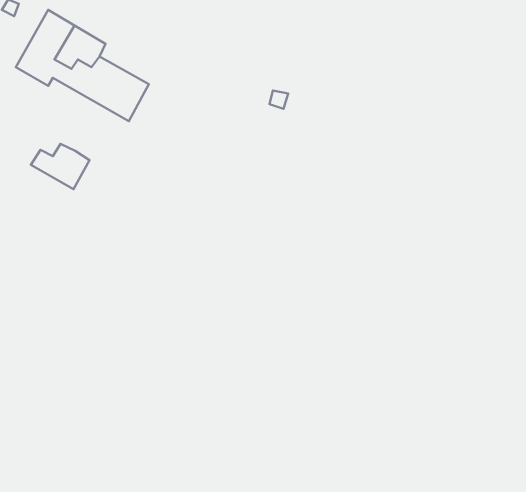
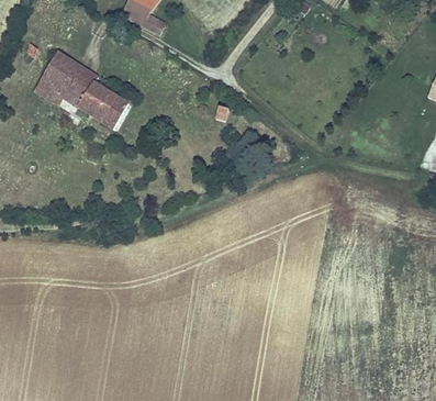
building: [31,144,90,189] -> none

